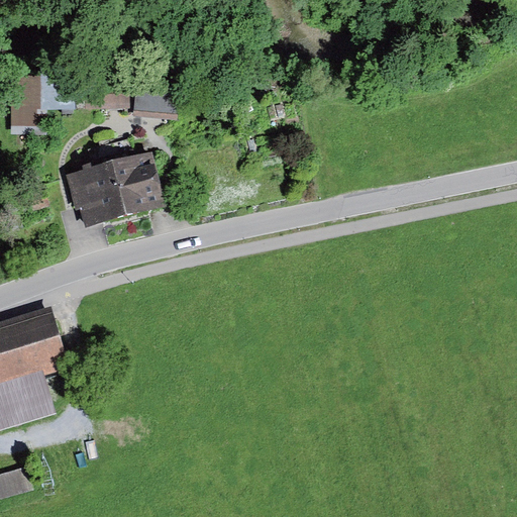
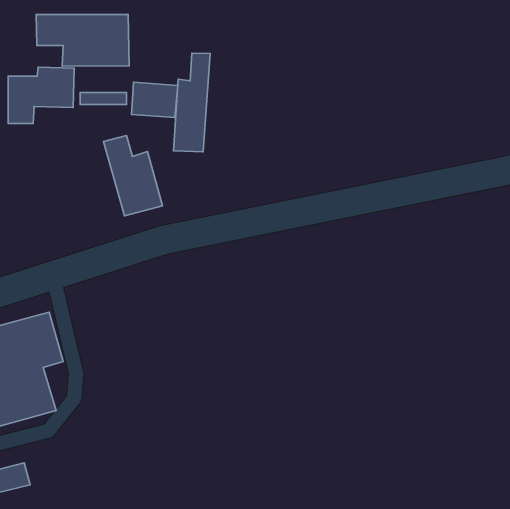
building: none -> [36,15,129,66]
building: none -> [173,53,210,152]
building: [68,142,125,230] -> none

